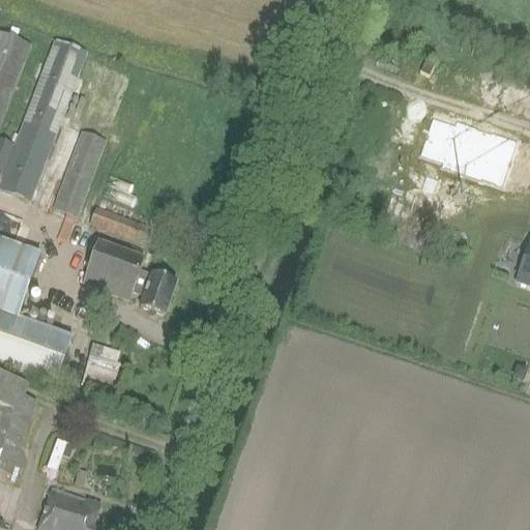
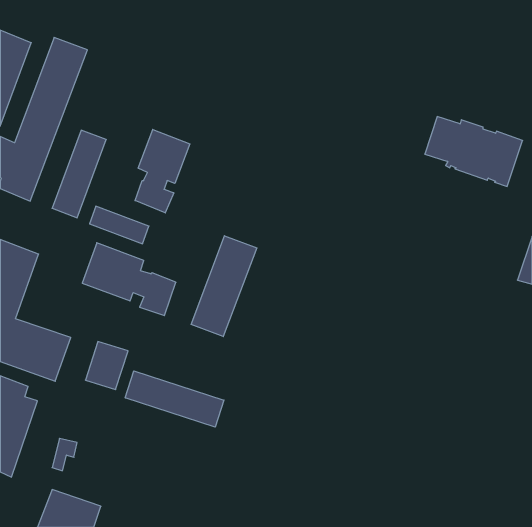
building: none -> [135,129,190,213]
building: none -> [191,236,257,337]
building: none -> [125,371,224,427]

